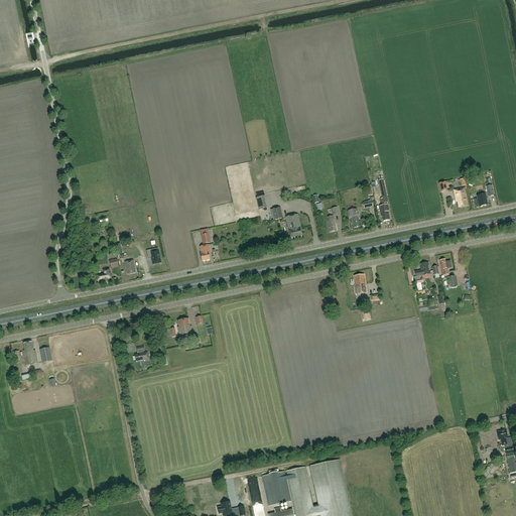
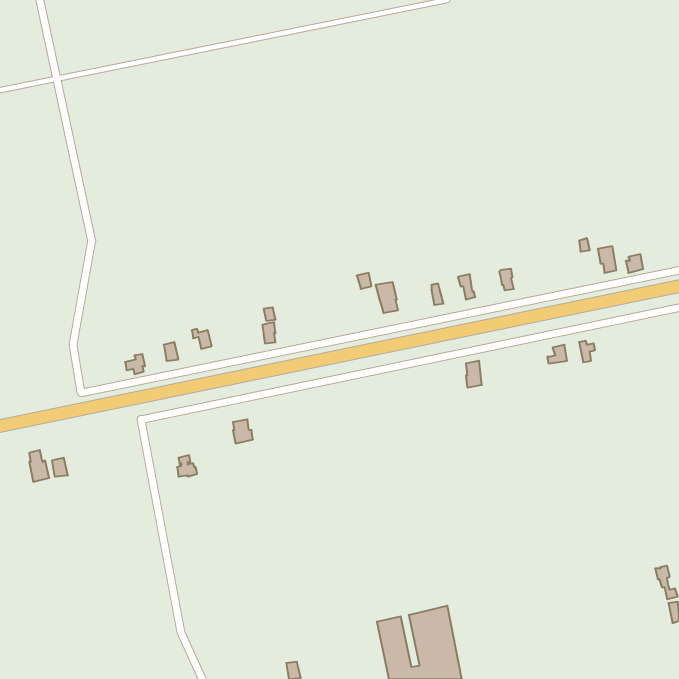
building: [261,469,289,505] -> none

